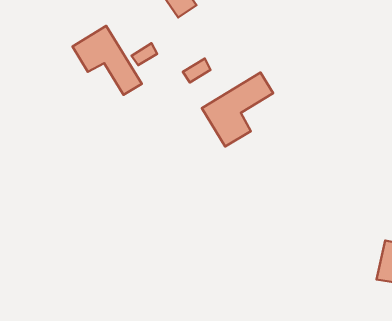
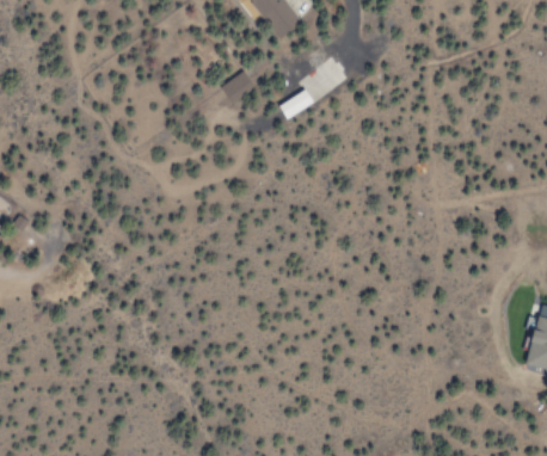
building: [72,26,142,95] -> none
building: [202,73,273,147] -> none

